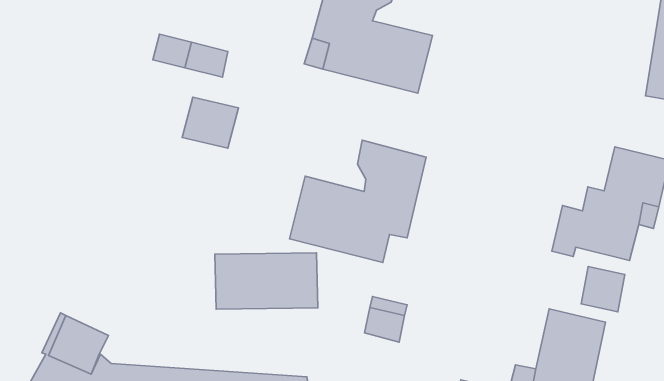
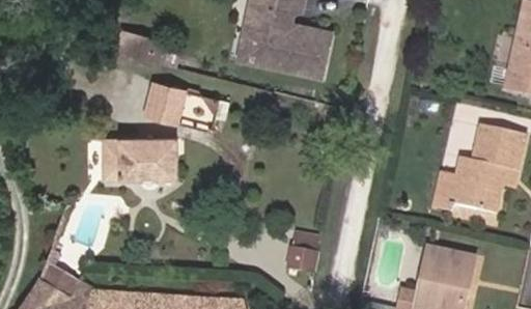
building: [290,140,426,262] -> none
building: [215,253,318,309] -> [101,134,180,177]
building: [581,267,625,312] -> none

